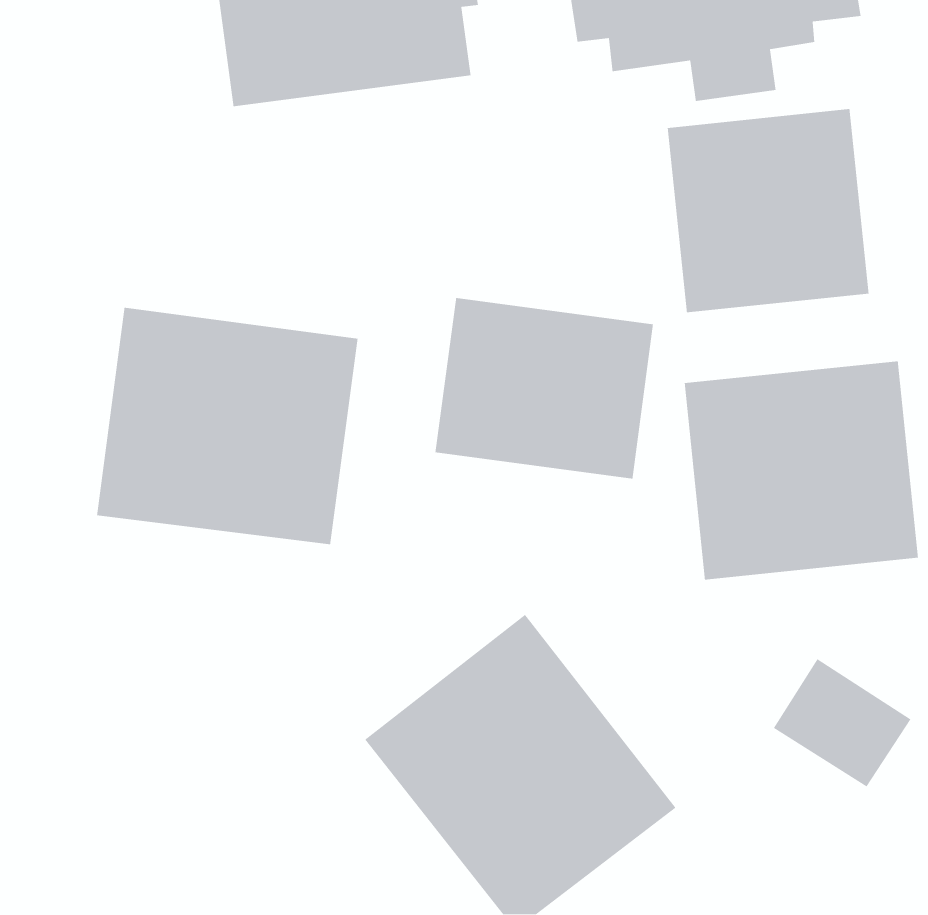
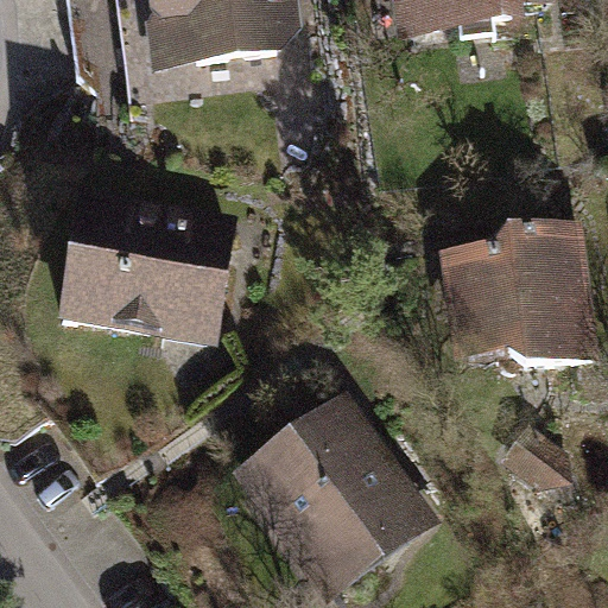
building: [667,108,869,313] -> none
building: [435,297,654,480] -> none

